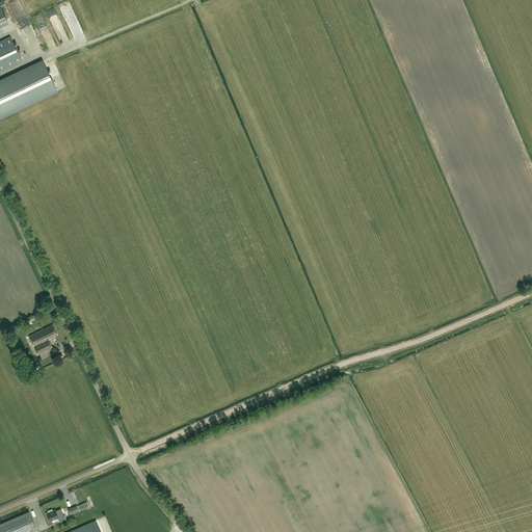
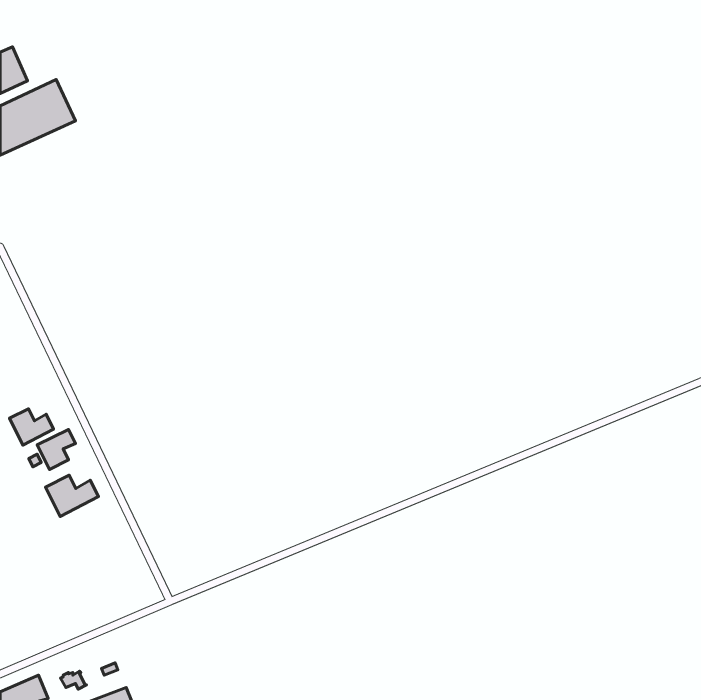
building: none -> [10,409,53,445]
building: none -> [46,475,98,517]

